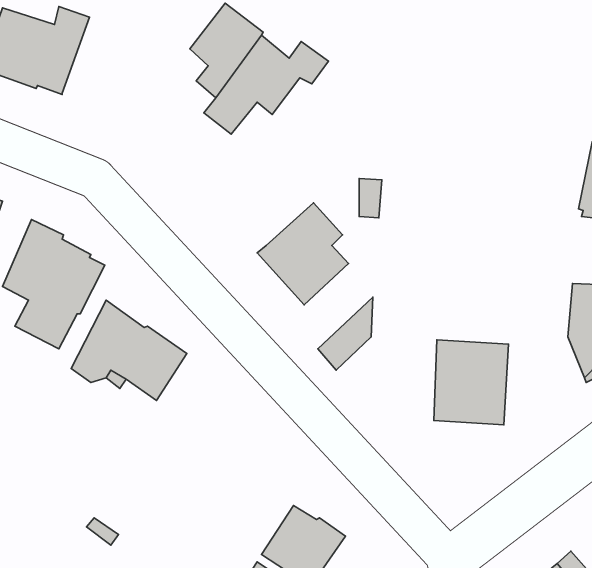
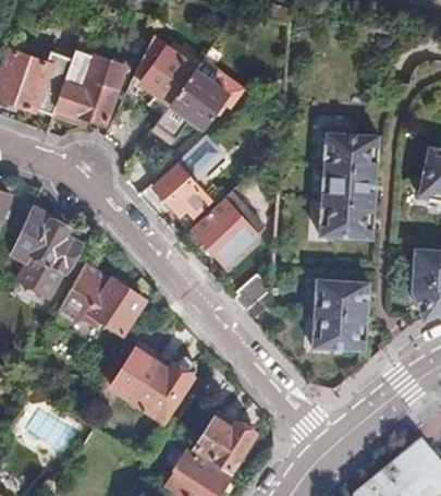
building: none -> [51,51,125,123]
building: none -> [323,134,379,239]
building: none -> [155,154,210,238]
building: none -> [122,346,188,424]

